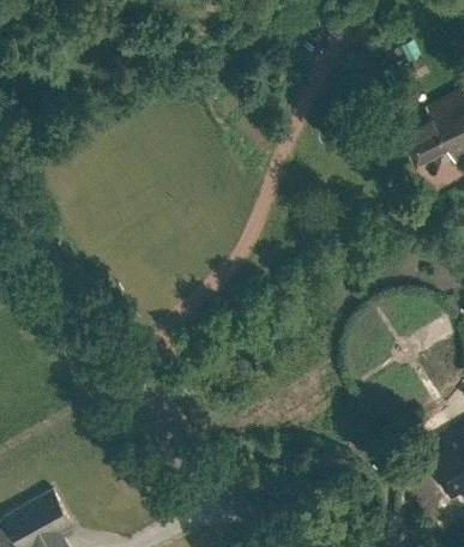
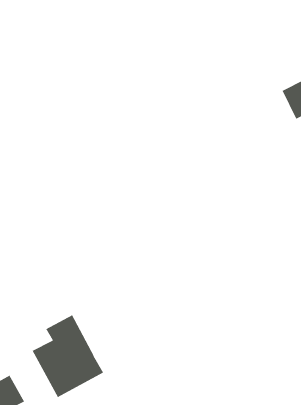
building: none -> [32,314,104,398]

